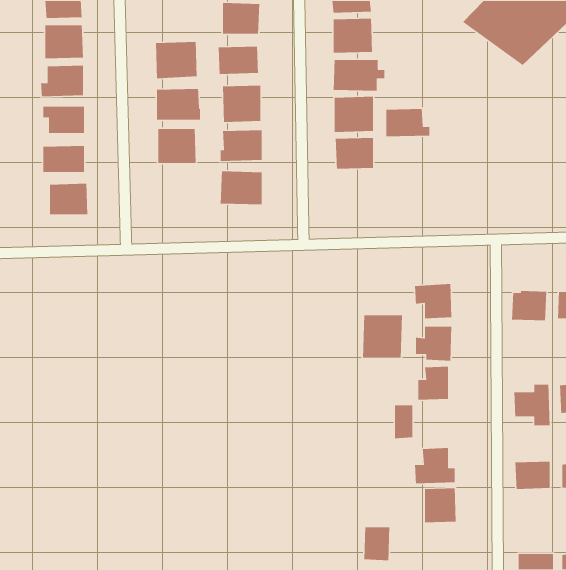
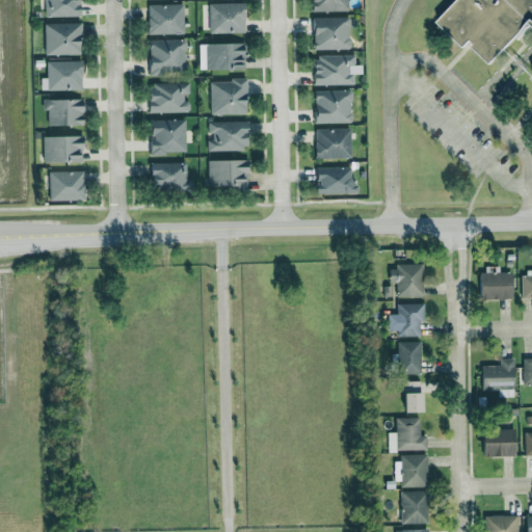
building: none -> [149,4,186,34]
building: [386,108,430,137] -> [317,166,358,193]
building: none -> [151,162,188,189]
building: [362,315,403,359] -> none
building: [394,404,413,439] -> [404,380,422,413]
building: [364,526,390,561] -> [402,491,427,524]

